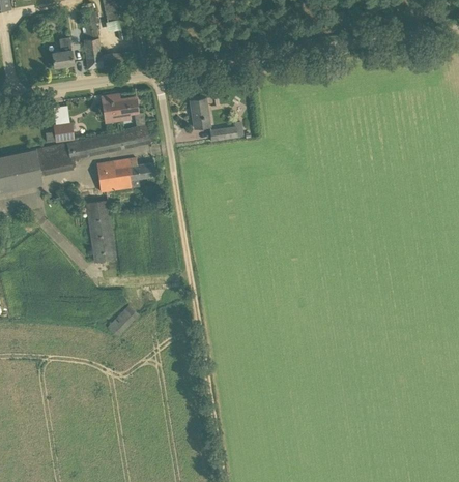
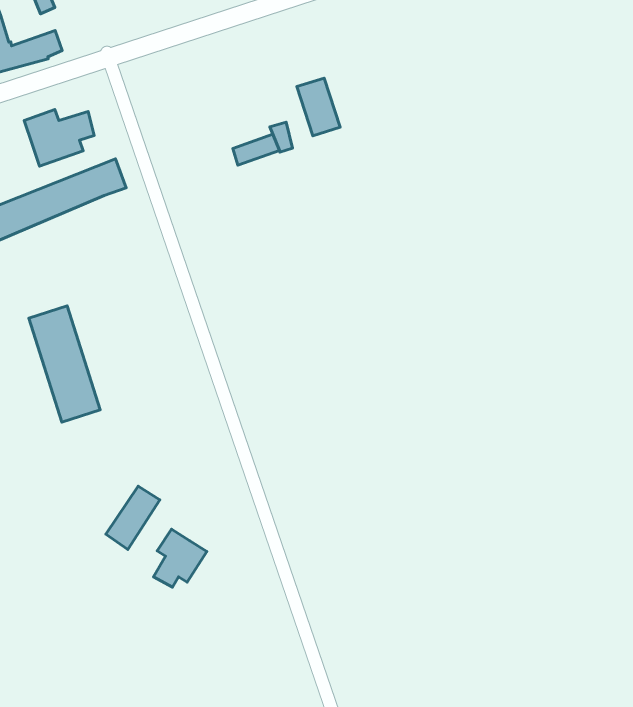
building: [190,98,209,128] -> [297,78,340,136]
building: [96,158,155,192] -> none
building: none -> [154,529,207,587]

